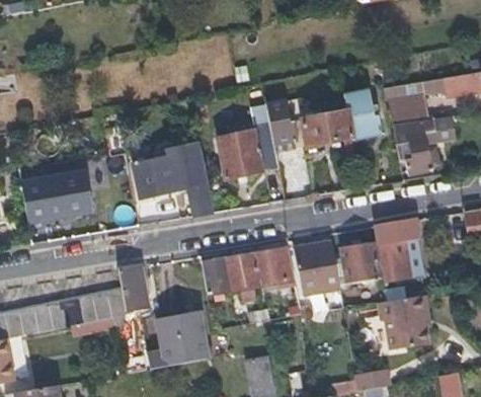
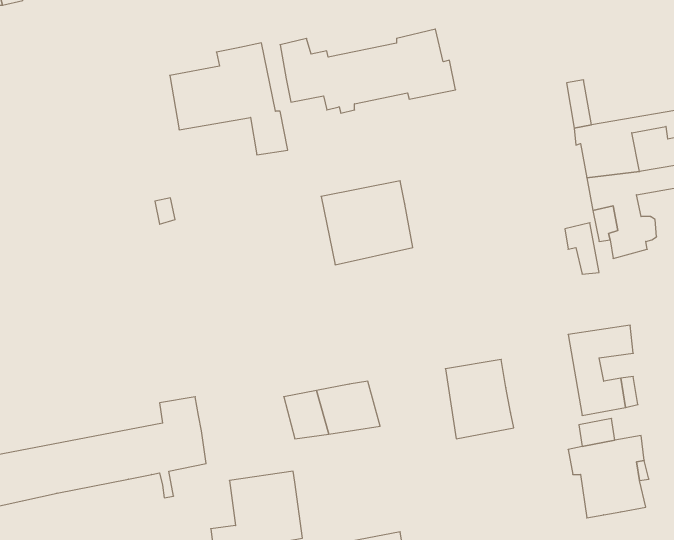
building: [265,94,380,149] -> [280,29,456,113]
building: [135,145,212,218] -> [170,43,288,155]
building: [21,169,93,225] -> none
building: [338,241,378,283] -> none
building: [248,250,294,287] -> none

